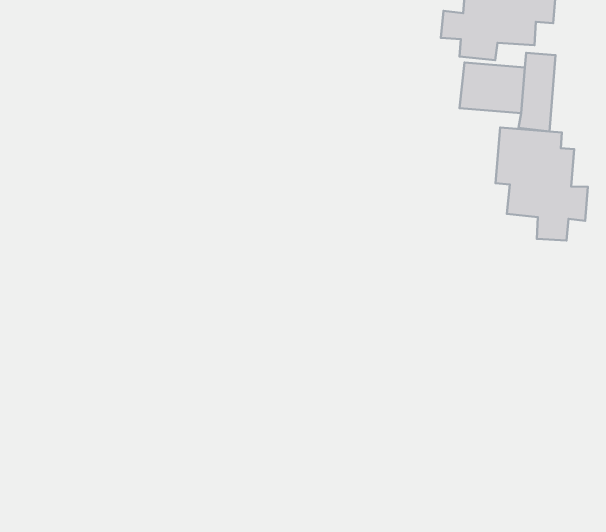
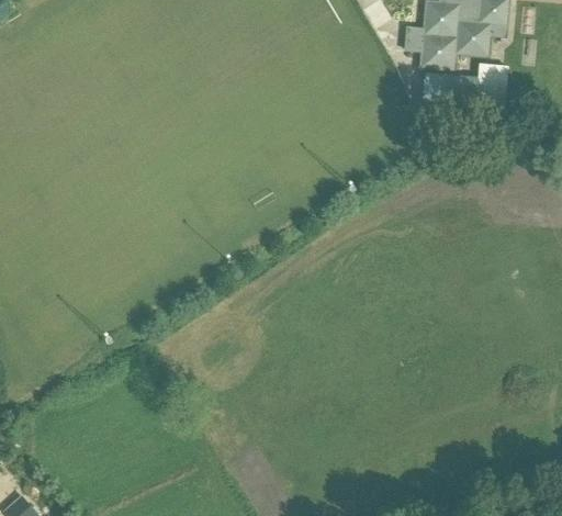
building: [496,127,588,240] -> none

